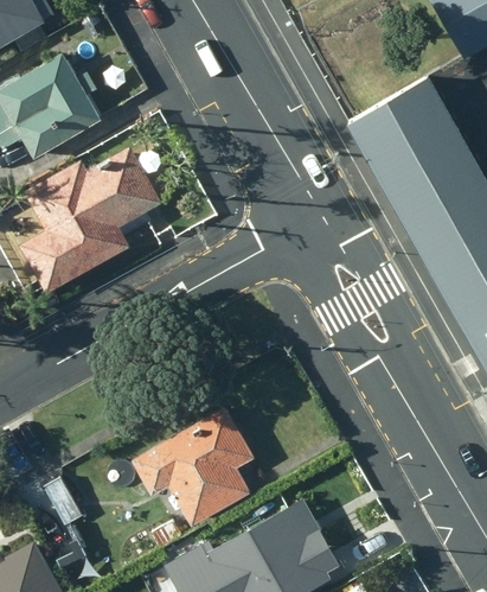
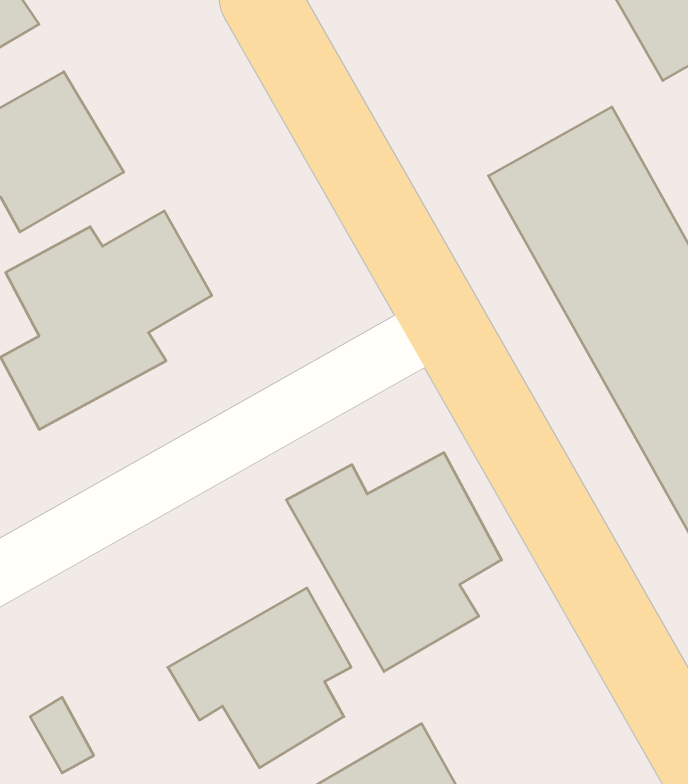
building: none -> [286,453,502,672]

